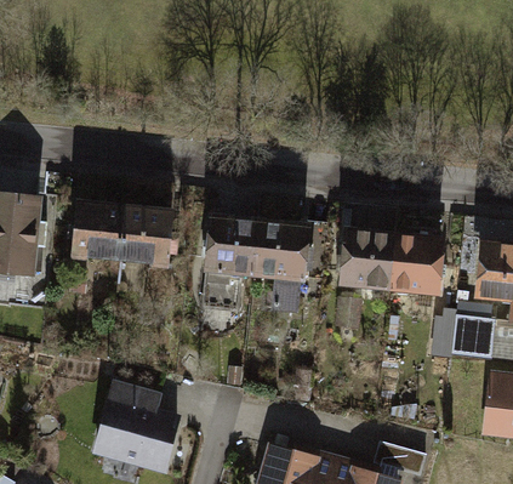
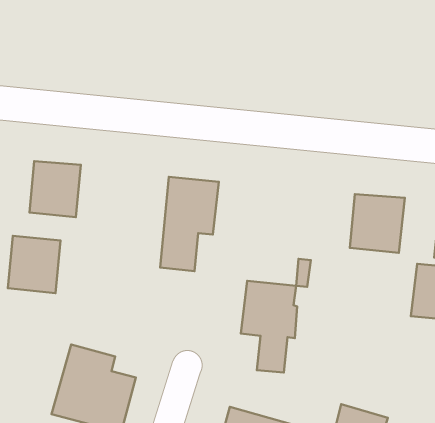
building: [119,204,171,261] -> [8,236,60,293]
building: [255,221,310,312] -> [241,281,297,373]
building: [341,228,395,286] -> none

